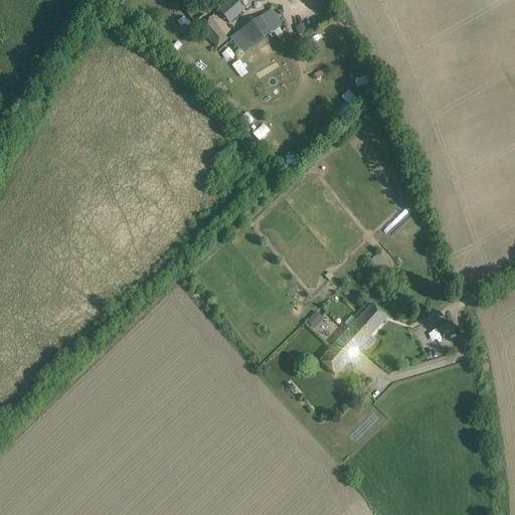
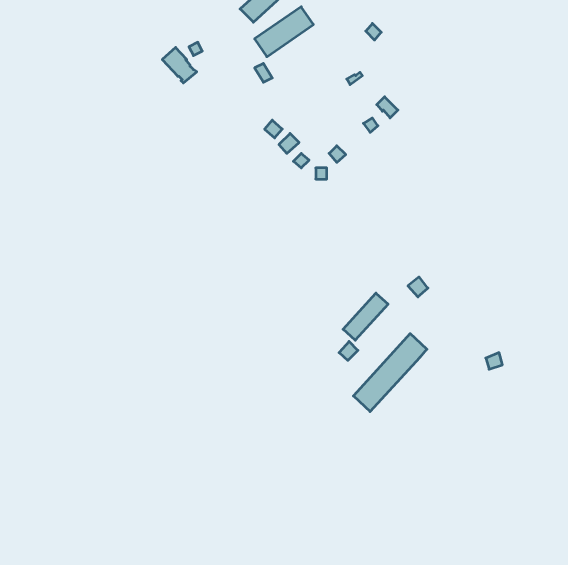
building: [197,14,228,46] -> [162,47,197,83]
building: none -> [343,293,388,340]

